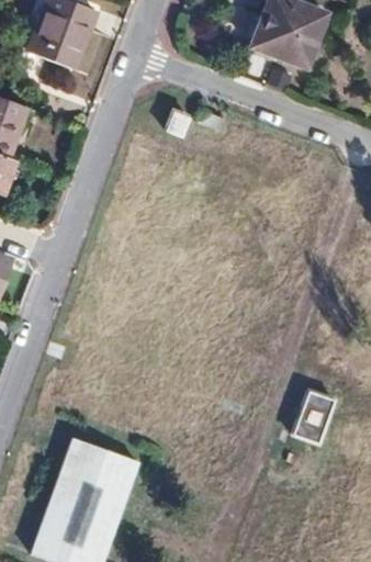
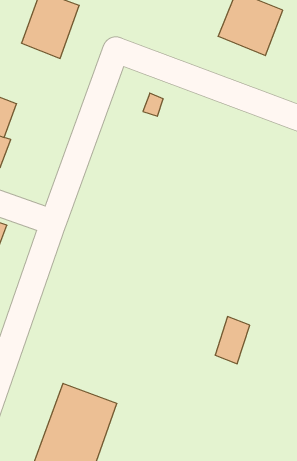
building: [293,389,333,442] -> [215,317,250,364]

